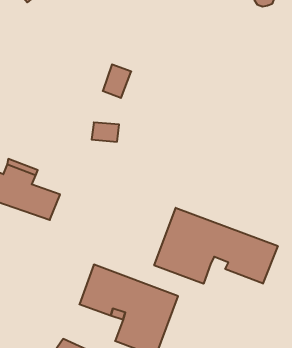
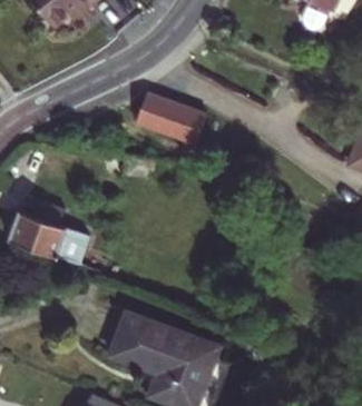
building: none -> [156,101,207,145]
building: [154,208,278,284] -> none

